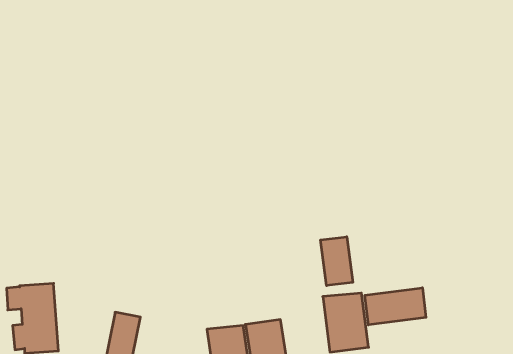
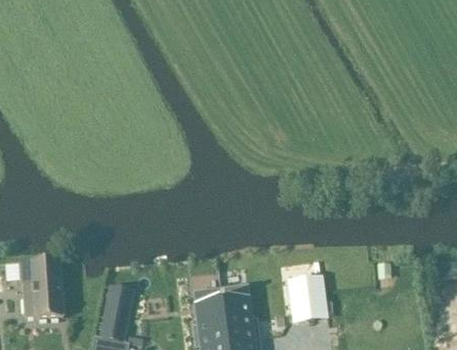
building: [321,237,353,286] -> none
building: [365,288,426,325] -> none

